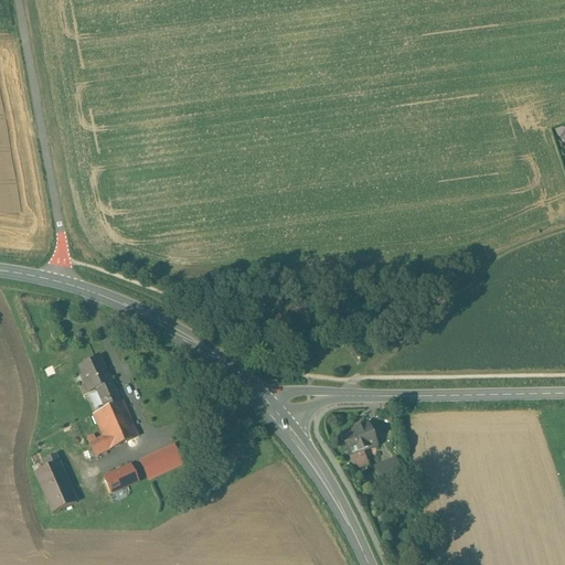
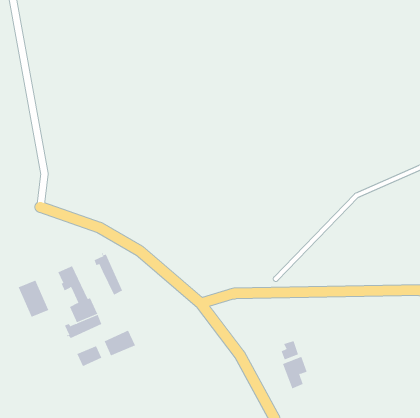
building: none -> [94,253,123,295]
building: [340,422,374,466] -> [282,356,308,389]
building: [33,459,75,510] -> [18,280,49,318]

